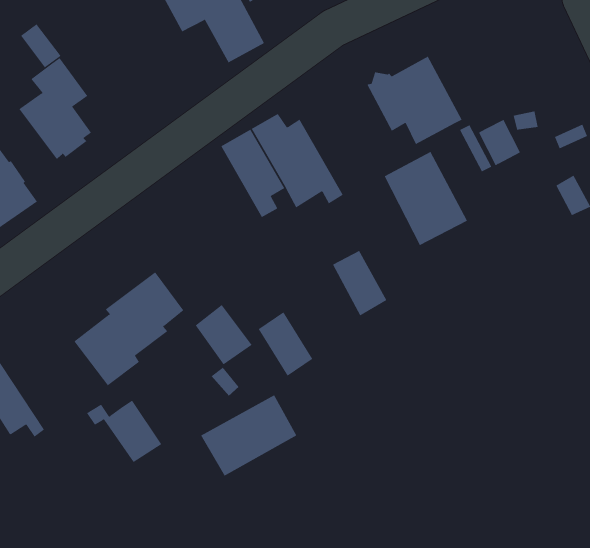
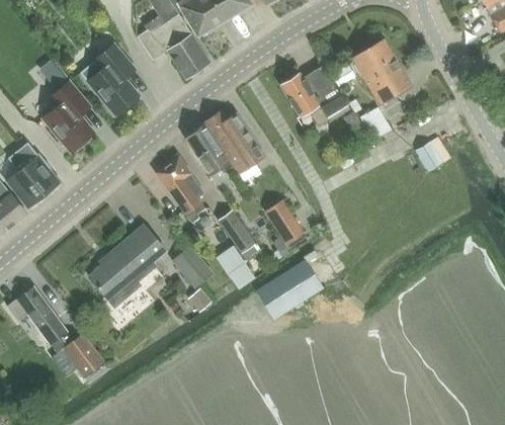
building: none -> [80,45,139,115]
building: [384,151,468,246] -> [351,38,411,104]
building: none -> [155,155,204,223]
building: none -> [219,214,256,256]
building: [200,394,297,477] -> [256,260,323,319]
building: [86,400,162,463] -> [51,333,104,376]

